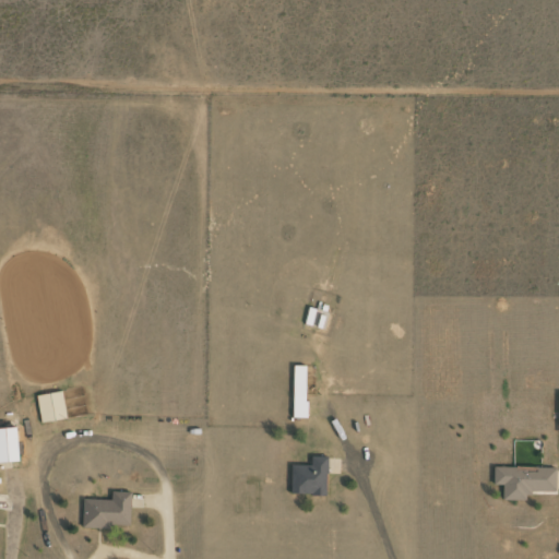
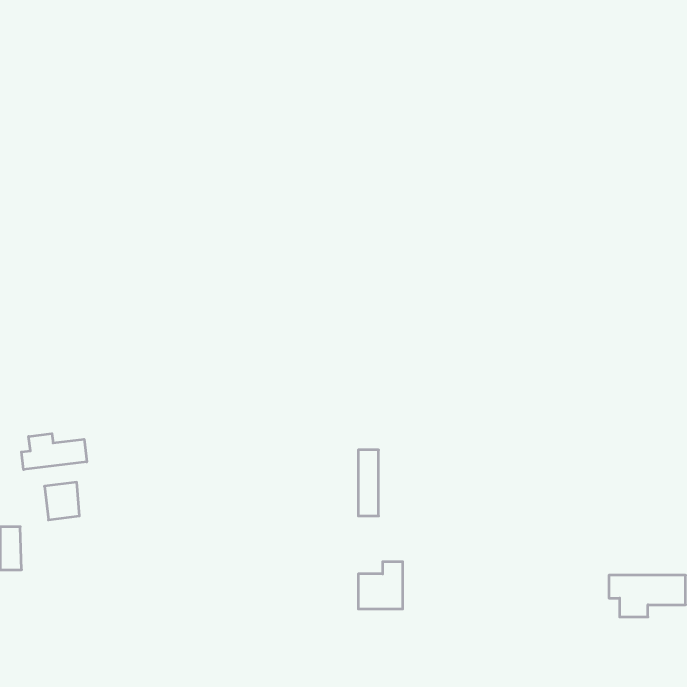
building: none -> [21,434,87,470]
building: [83,491,132,528] -> none

